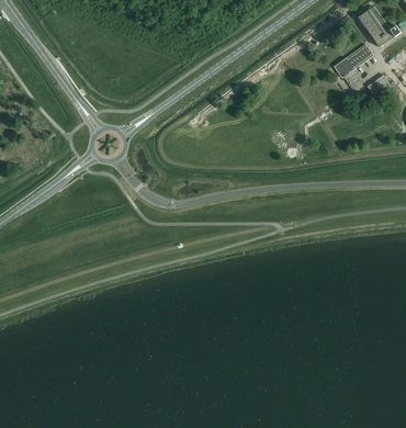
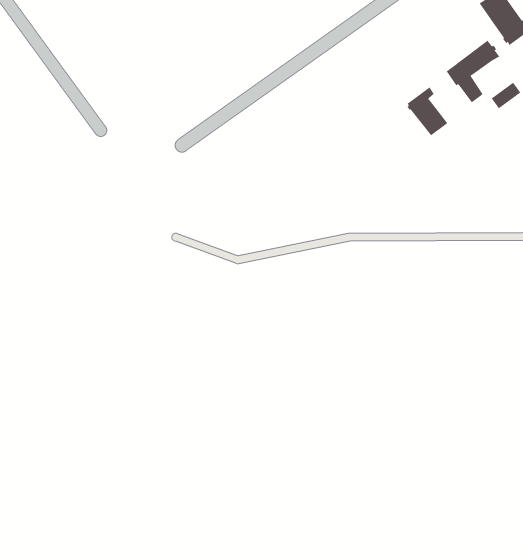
building: none -> [406,86,448,136]

